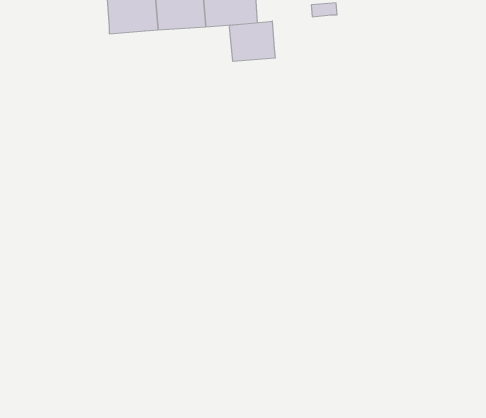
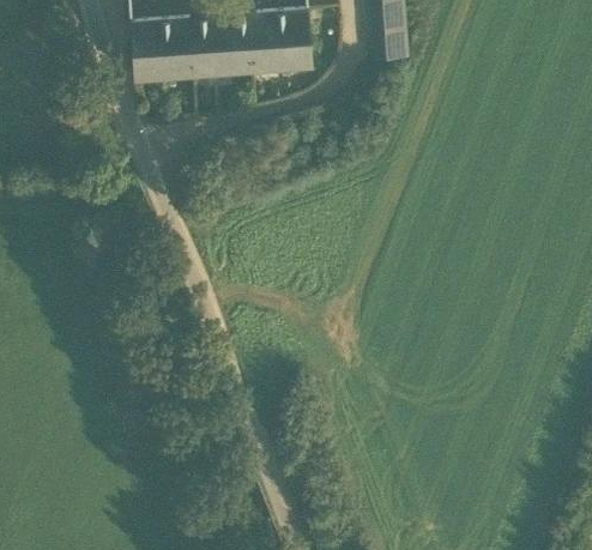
building: [229,21,275,61] -> none

